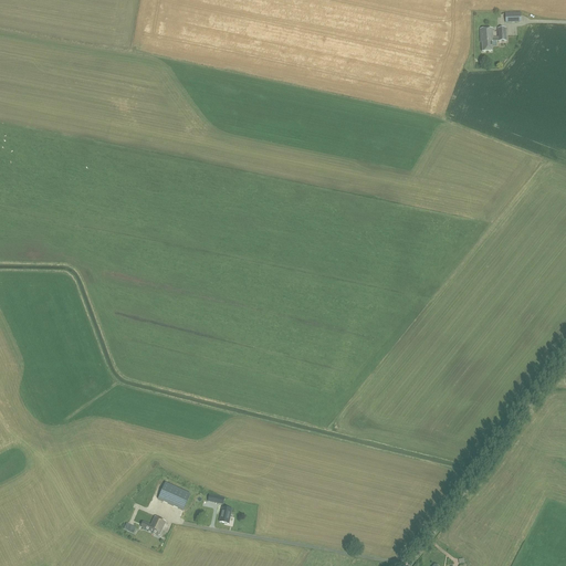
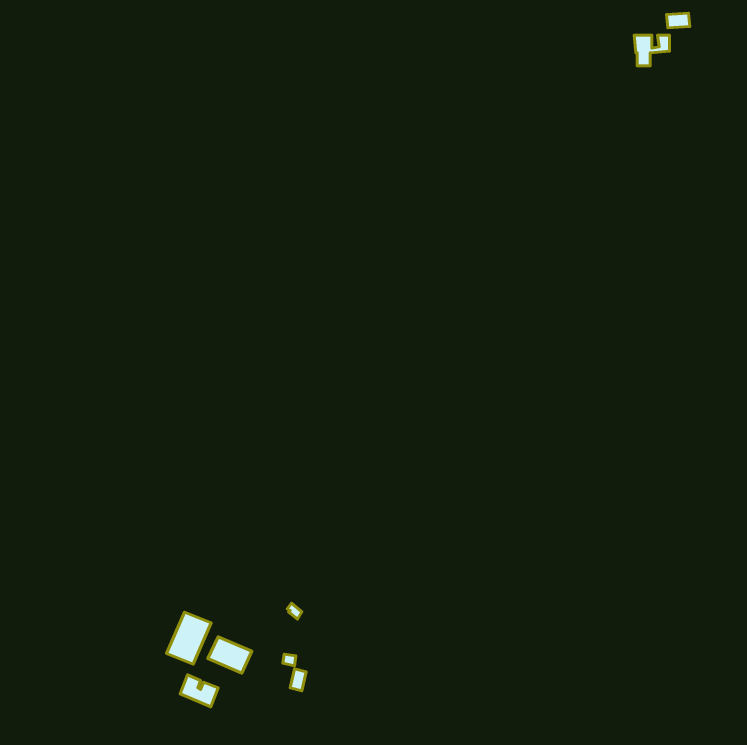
building: none -> [167,612,211,664]

